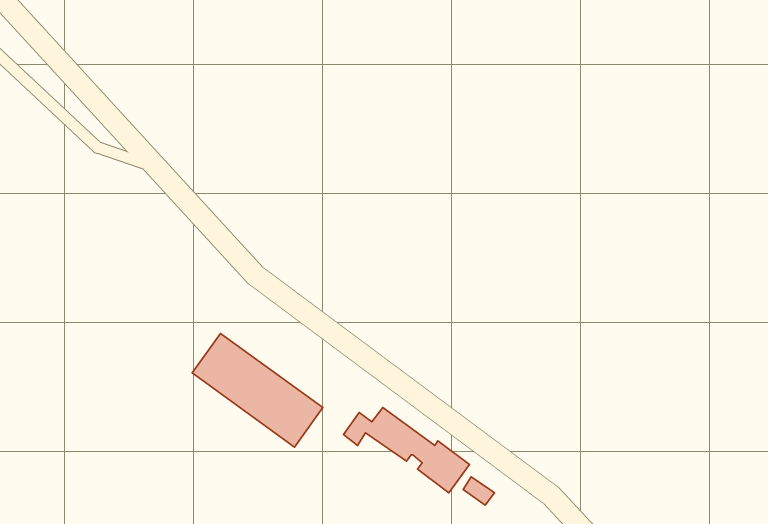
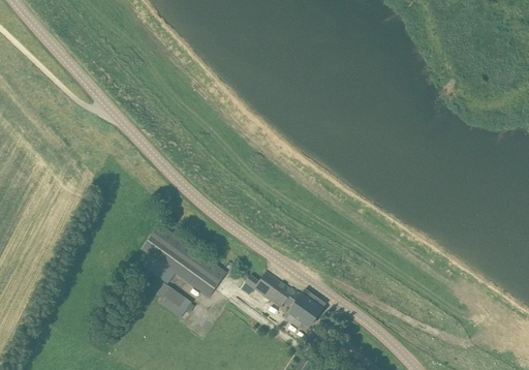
building: none -> [156,283,191,318]

